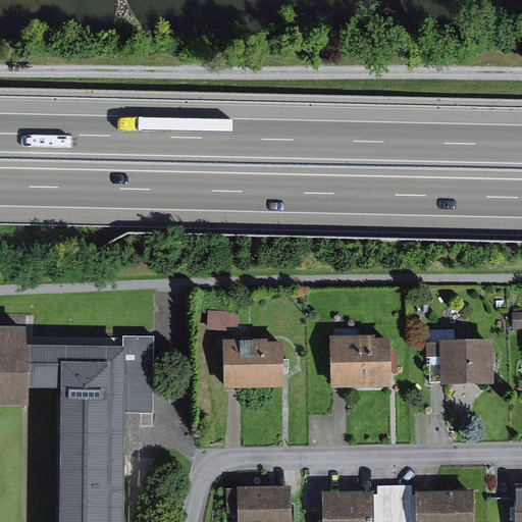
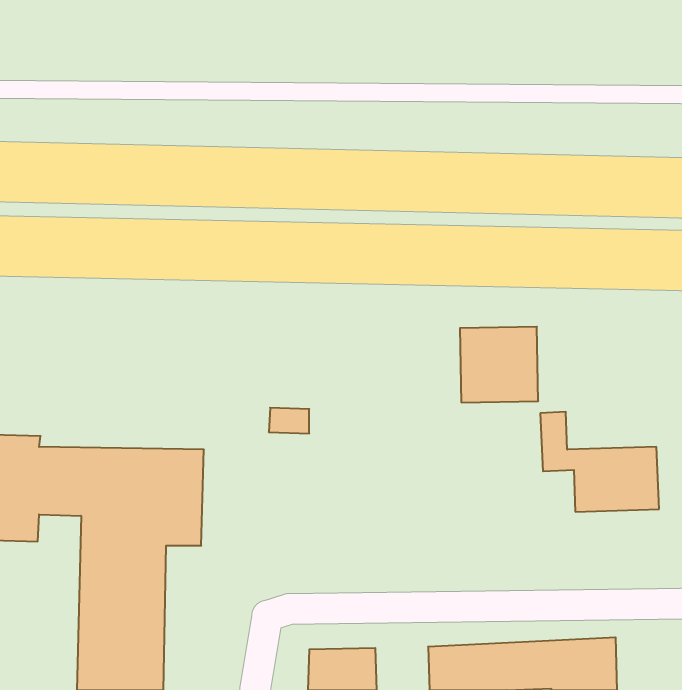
building: [331,331,390,388] -> [460,327,538,402]
building: [219,342,276,388] -> none

